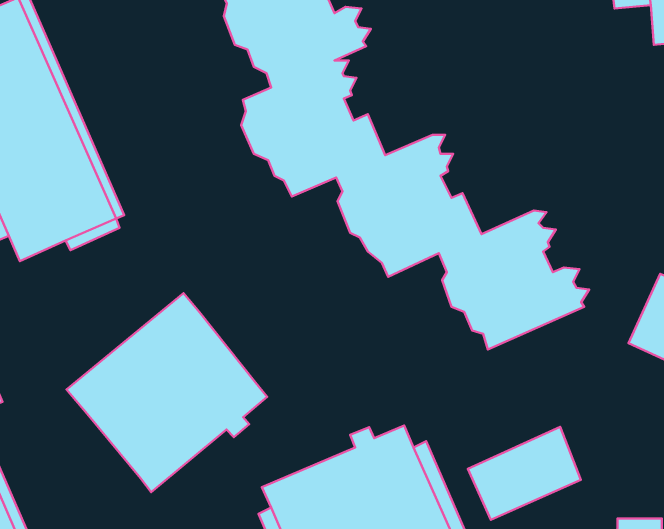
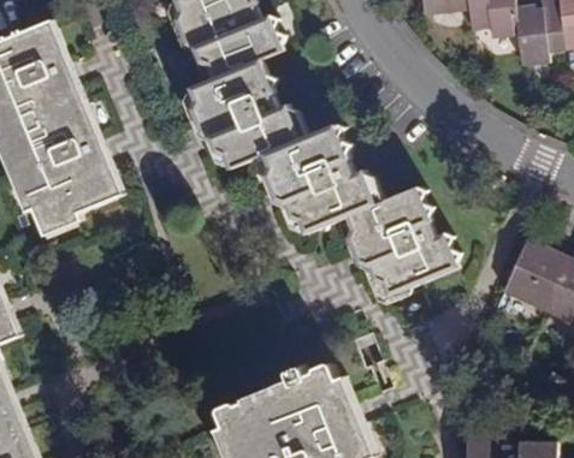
building: [67,293,267,492] -> none
building: [468,427,581,520] -> none

